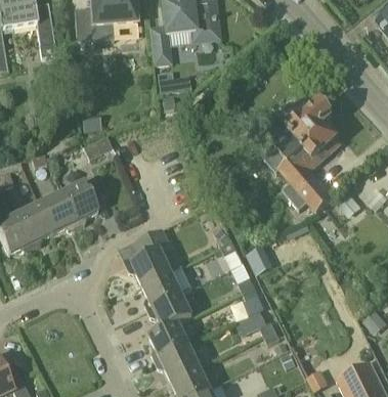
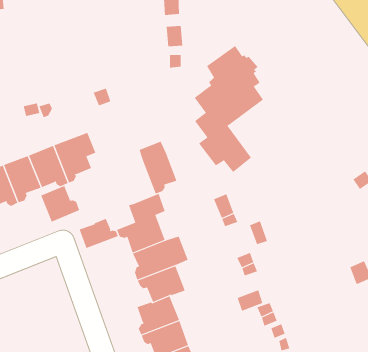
building: [274,96,339,214] -> [194,45,264,173]
building: none -> [139,141,177,194]
building: none -> [40,185,80,222]
building: none -> [79,218,119,249]

